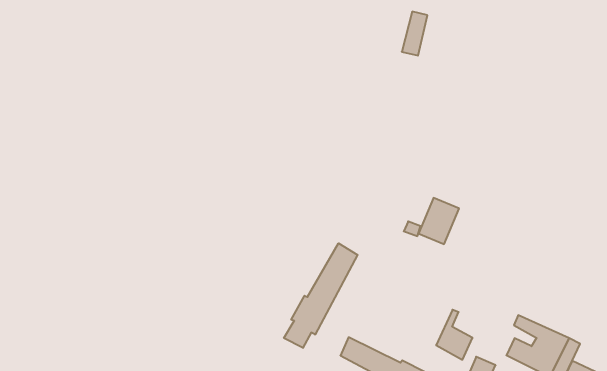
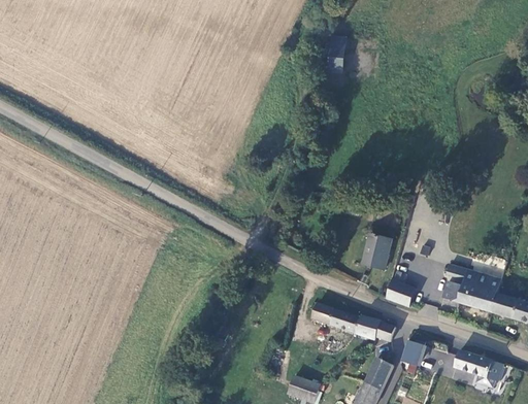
building: [418,198,459,244] -> [364,235,393,270]
building: [284,243,358,348] -> none

